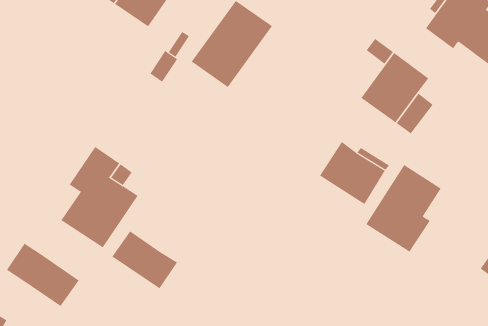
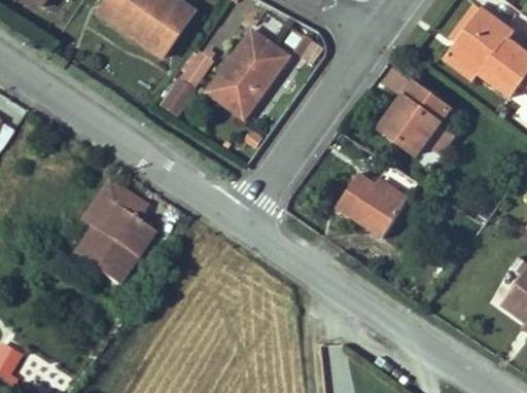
building: [365,164,441,253] -> none
building: [111,231,178,289] -> none
building: [6,243,80,307] -> none

